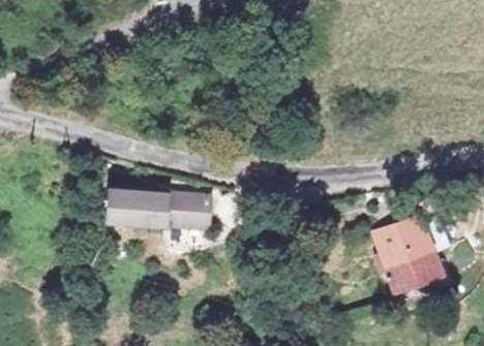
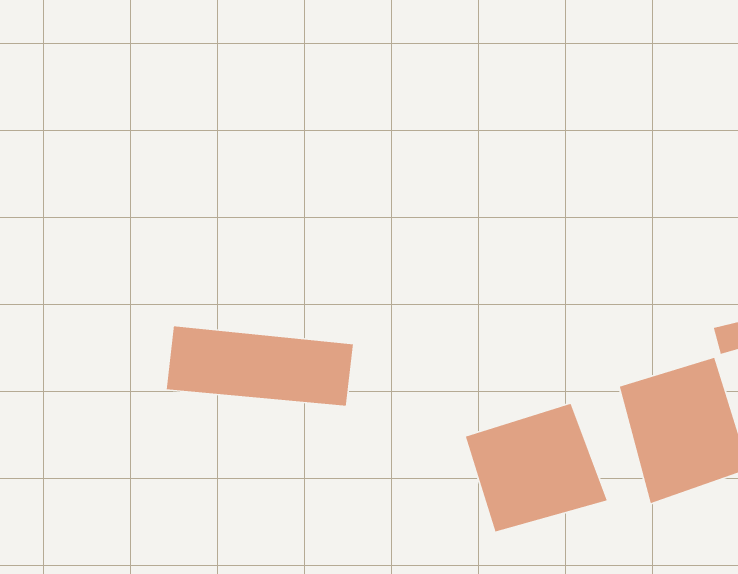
building: none -> [465,403,608,533]

